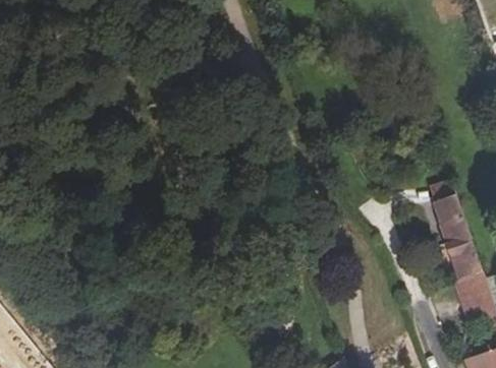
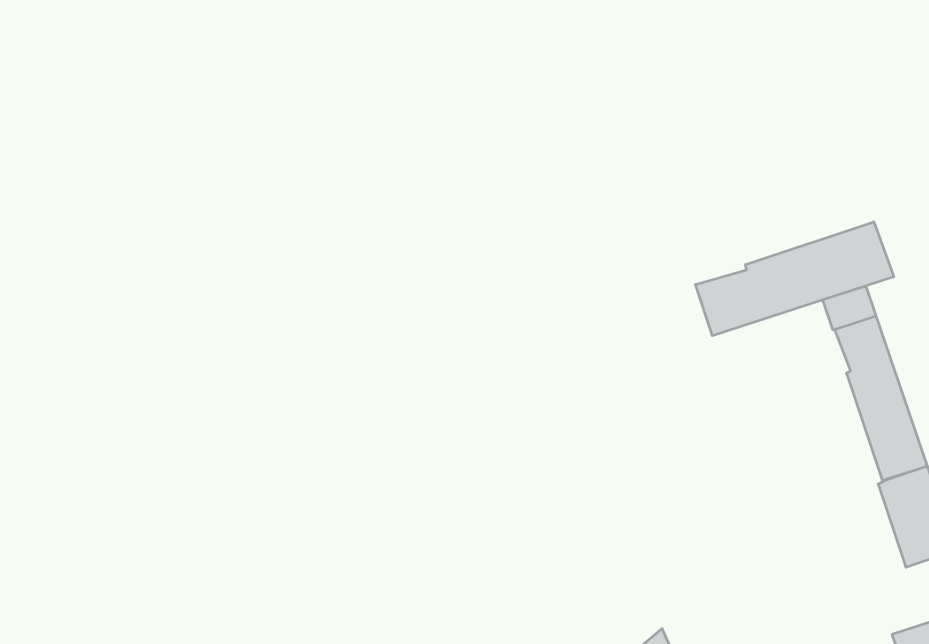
building: none -> [695,222,894,336]

